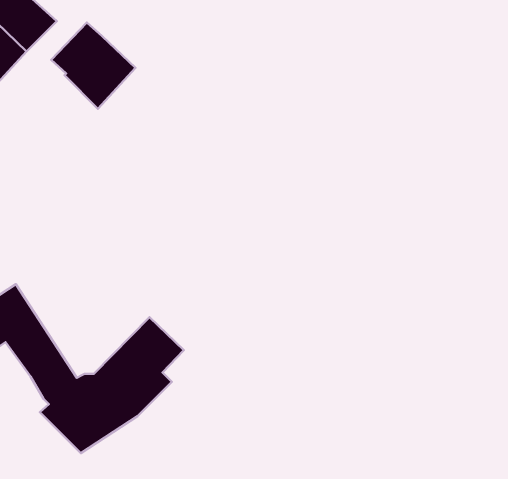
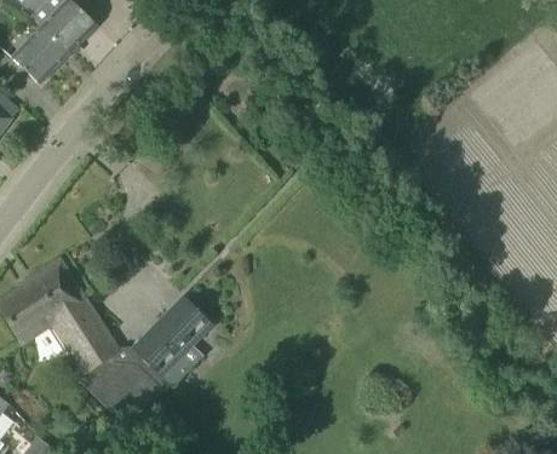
building: [51,22,135,109] -> none

